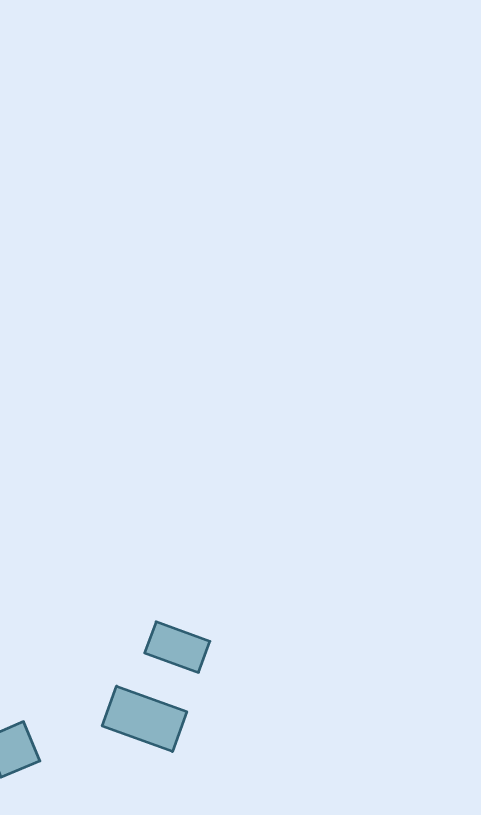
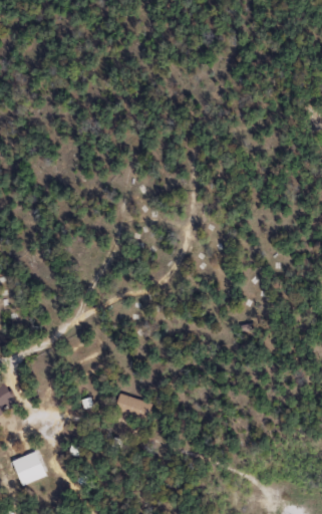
building: [102,686,187,752] -> none

